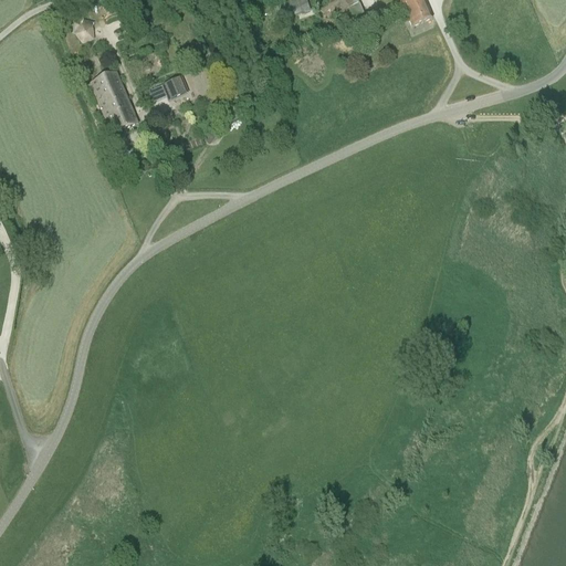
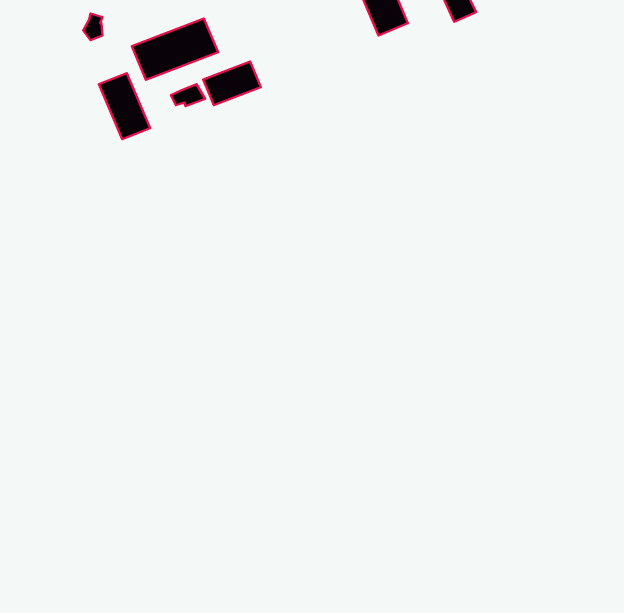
building: none -> [132,18,218,80]
building: none -> [203,61,261,105]

